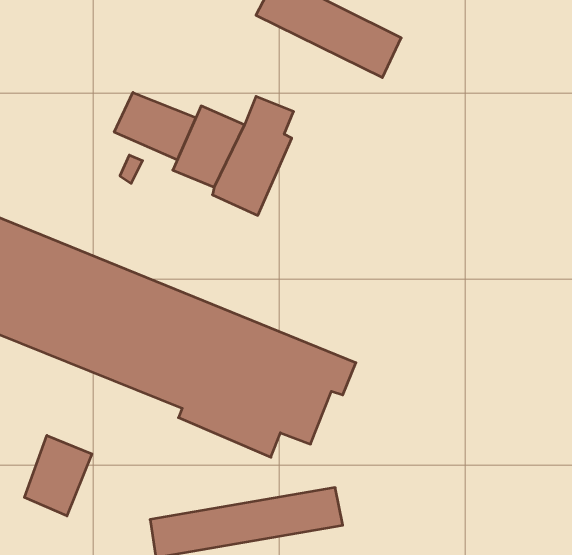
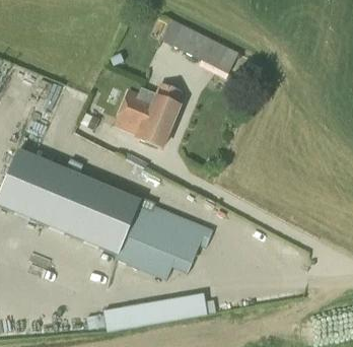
building: [114,92,196,160] -> none
building: [24,435,92,516] -> none

